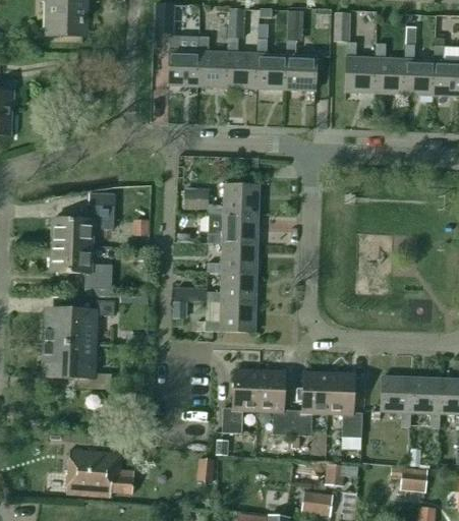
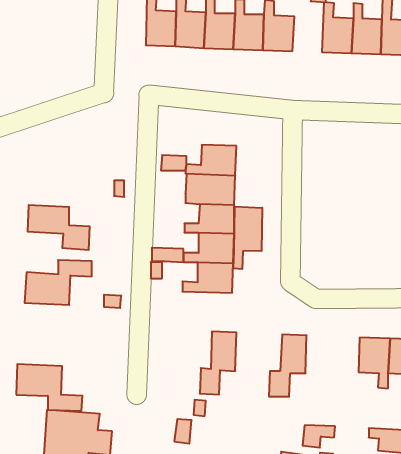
building: [51,192,115,245] -> none
building: none -> [233,206,262,269]
building: [46,341,112,388] -> [16,364,82,411]
building: [257,370,292,435] -> none
building: [328,373,362,437] -> none

